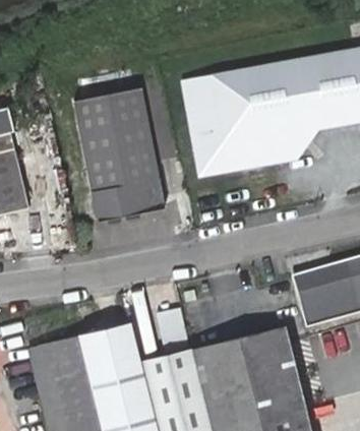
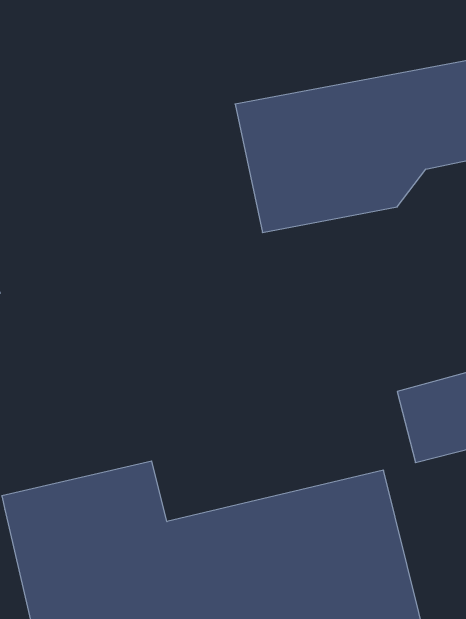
building: [73,89,165,221] -> none

